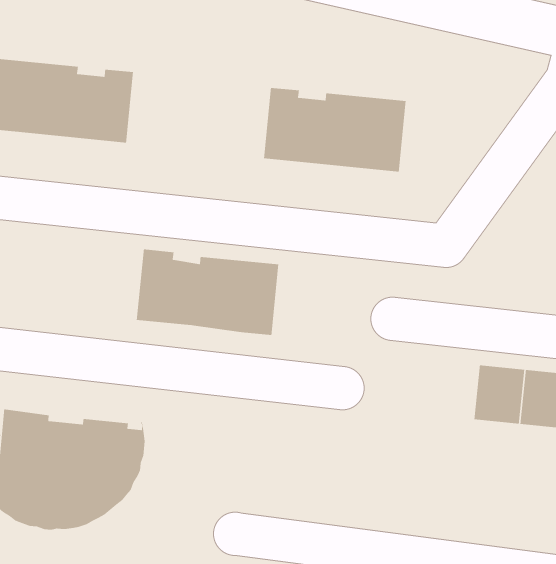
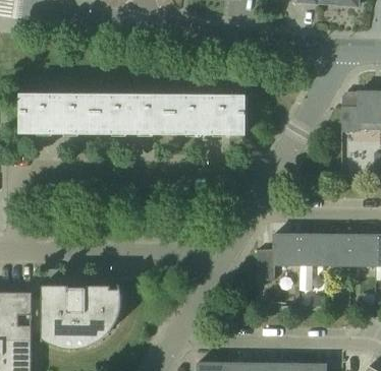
building: [136,249,279,336] -> [95,94,170,134]
building: none -> [257,234,300,281]

